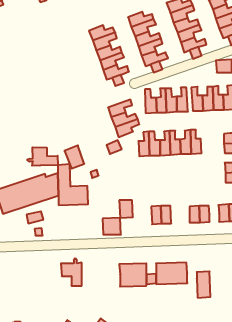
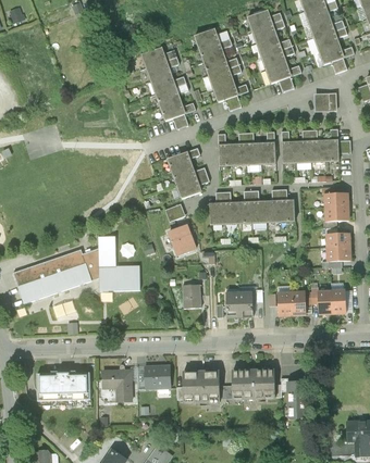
building: [64,145,84,169] -> [168,223,195,254]
building: [27,147,58,166] -> none
building: [103,218,121,235] -> [145,364,170,387]
building: none -> [36,370,89,400]

